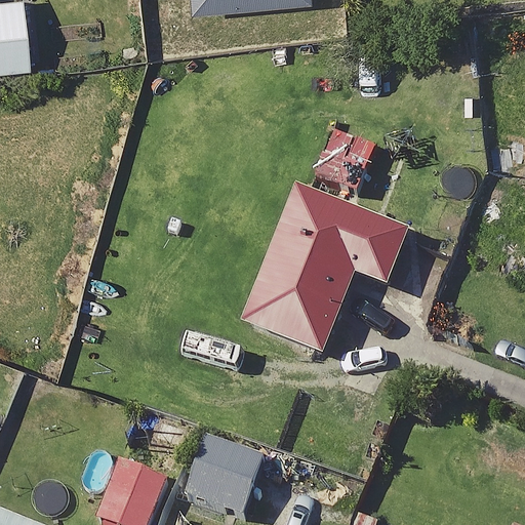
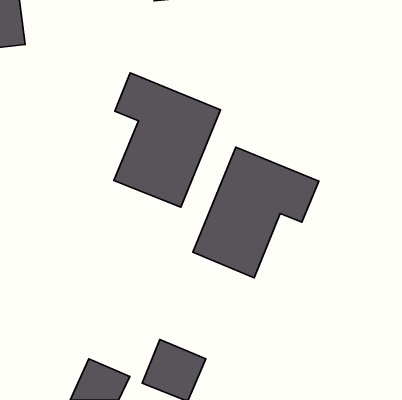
building: none -> [114,73,221,207]

